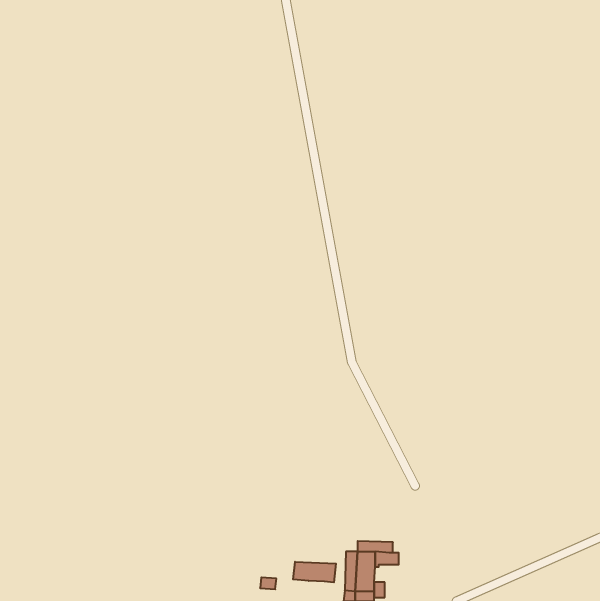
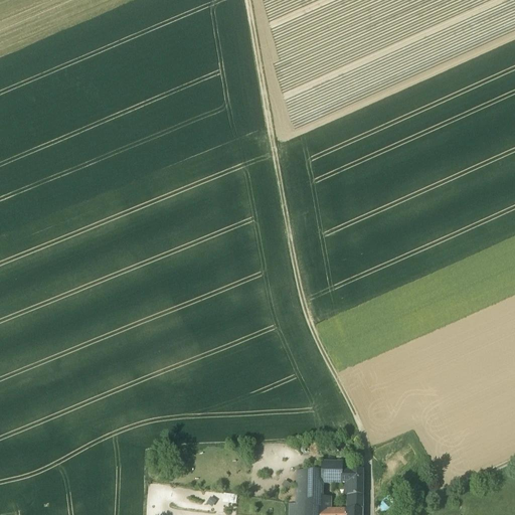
building: none -> [341,473,362,504]
building: [293,562,336,582] -> none

